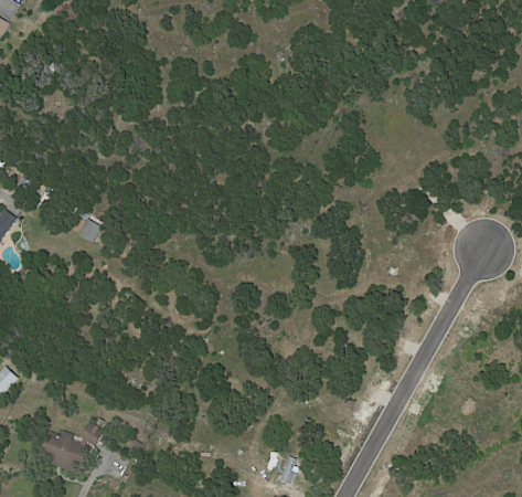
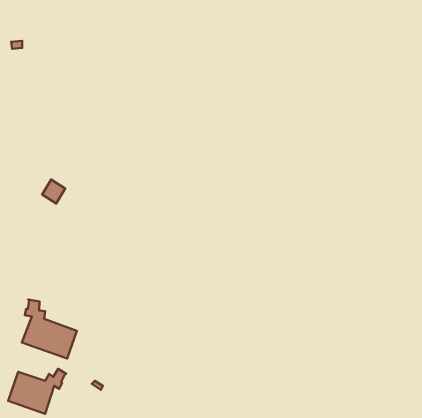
building: none -> [22,300,77,358]

